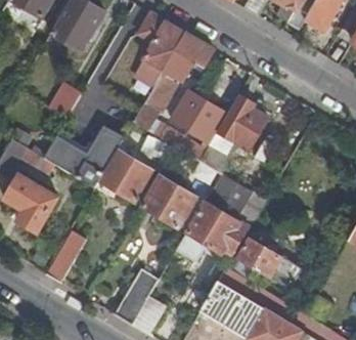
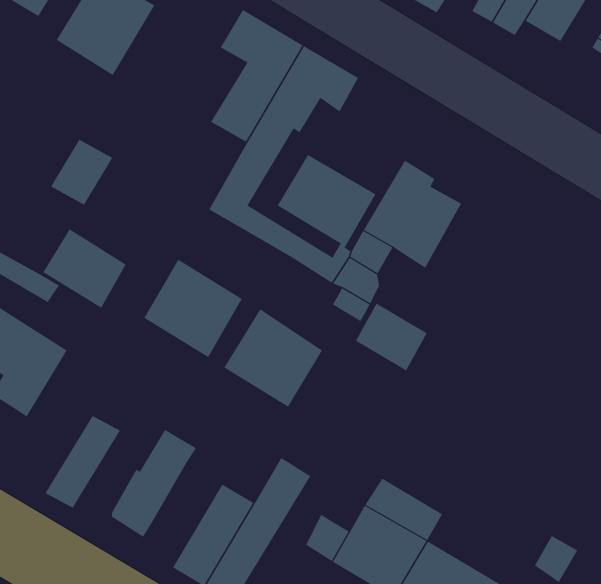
building: [77,129,123,187] -> [111,429,197,538]
building: [177,201,250,268] -> none
building: [238,238,300,284] -> none

